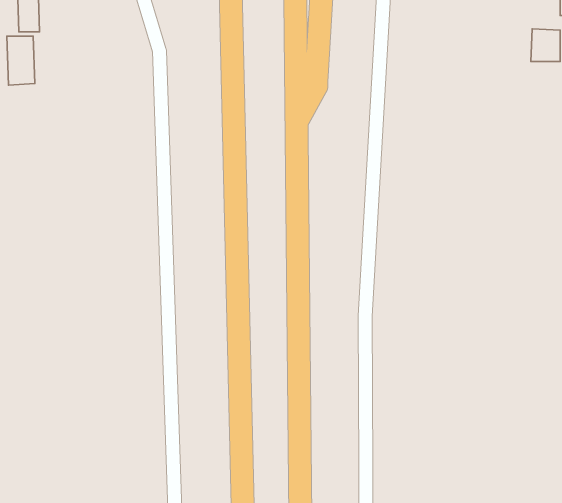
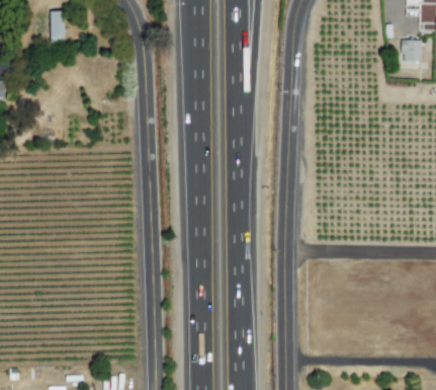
building: [7,36,35,85] -> none

